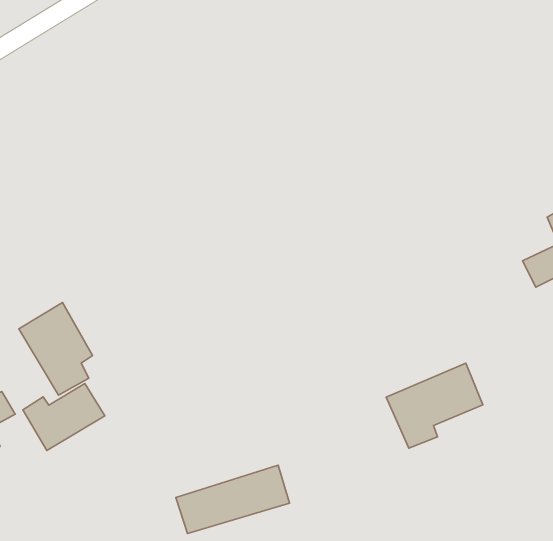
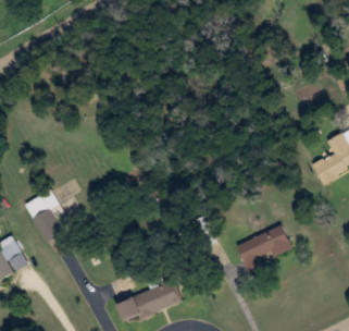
building: [23,383,105,451] -> none

